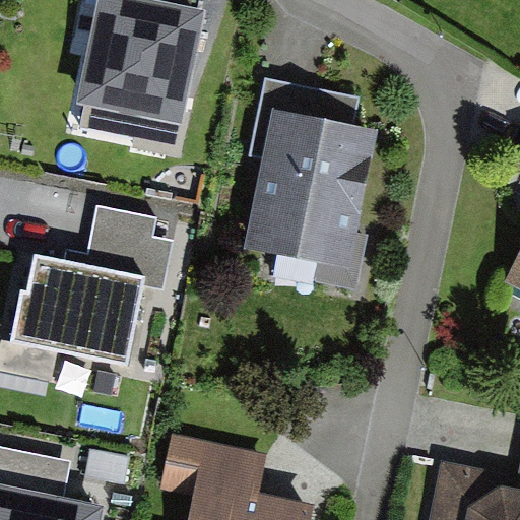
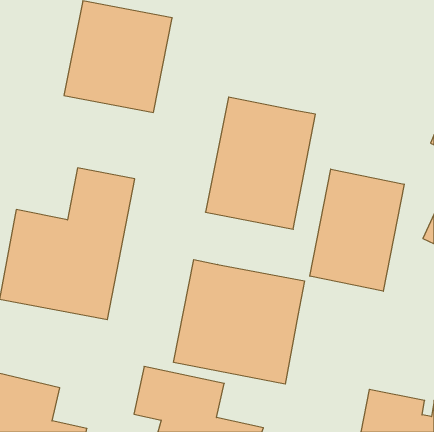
building: [248,80,360,161] -> none
building: none -> [310,169,404,291]
building: none -> [174,260,304,384]

